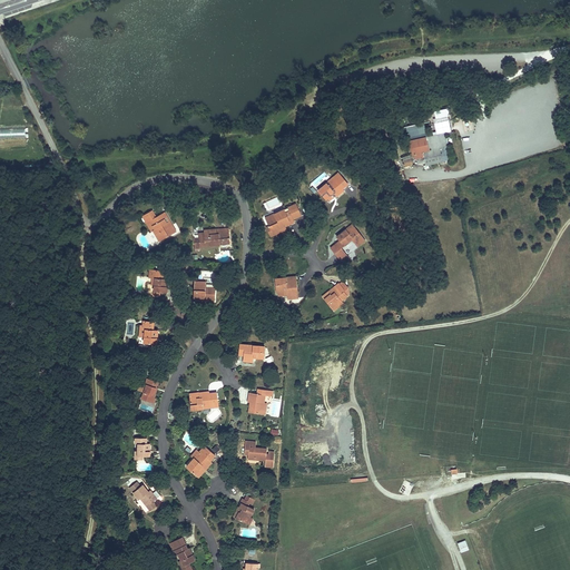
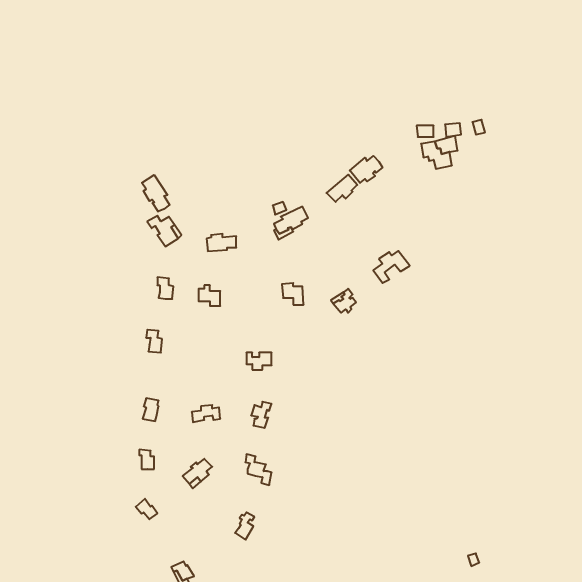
building: none -> [350,156,382,183]
building: none -> [142,175,170,212]
building: [332,226,367,257] -> [373,251,410,283]

